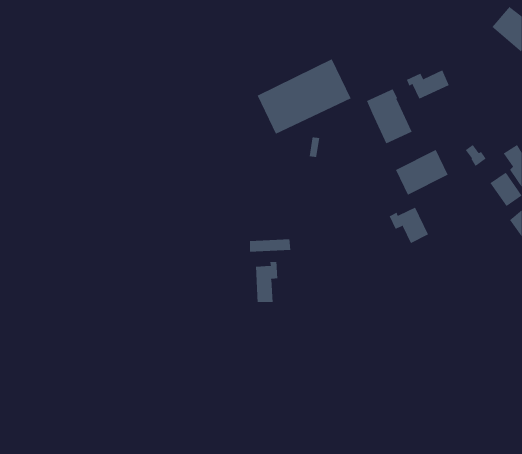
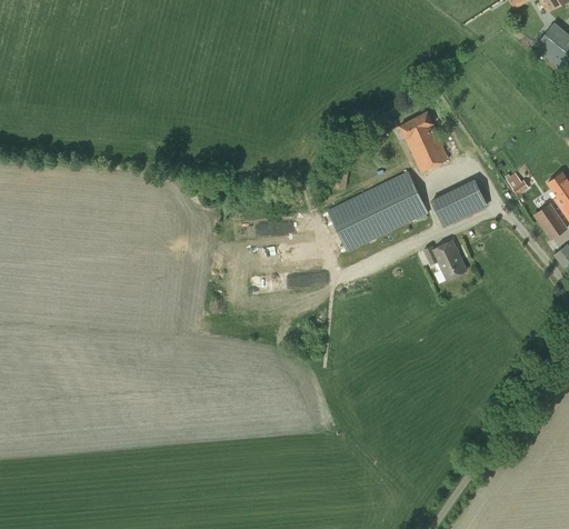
building: [257,58,352,135] -> [327,170,429,252]
building: [406,70,449,99] -> none
building: [255,261,278,303] -> none

